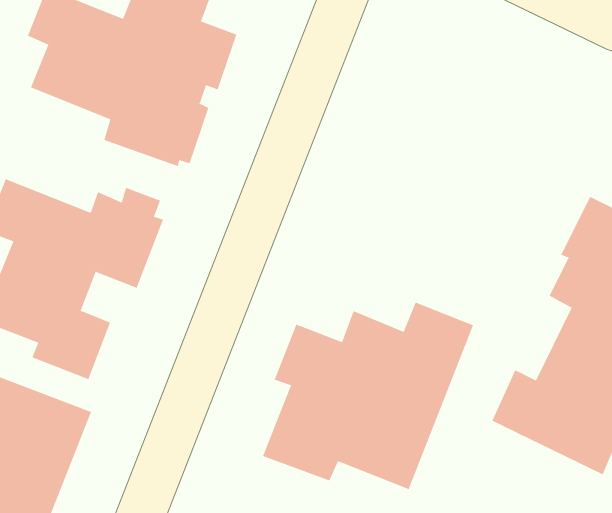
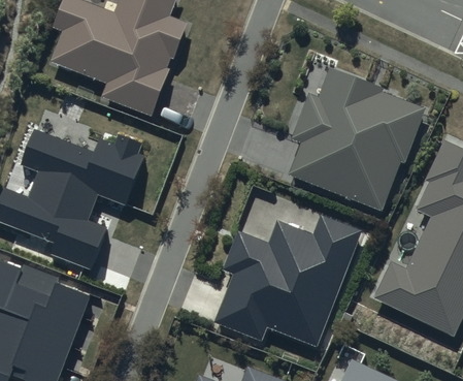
building: none -> [289,67,424,211]

